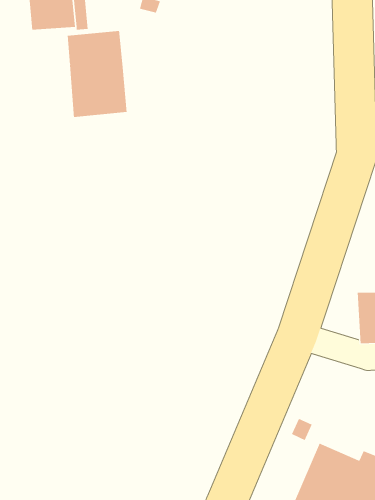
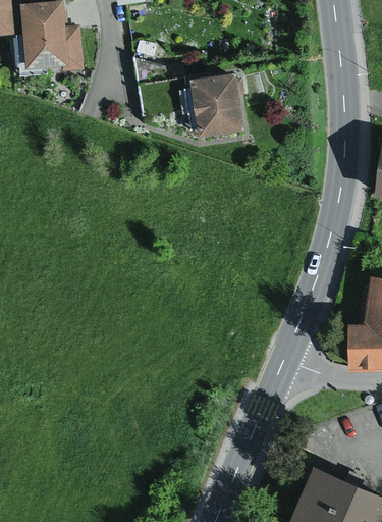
building: none -> [188,73,243,137]
building: [67,30,127,118] -> none

